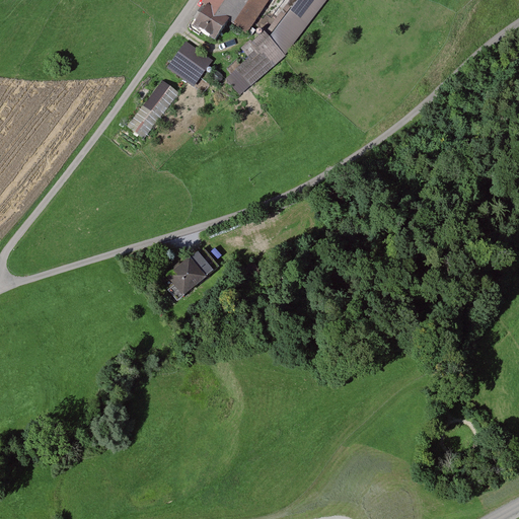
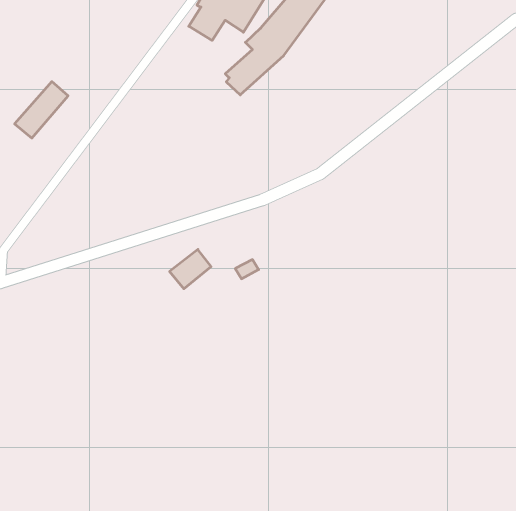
building: [174,40,209,73] -> none
building: [126,79,179,136] -> [15,82,68,138]

